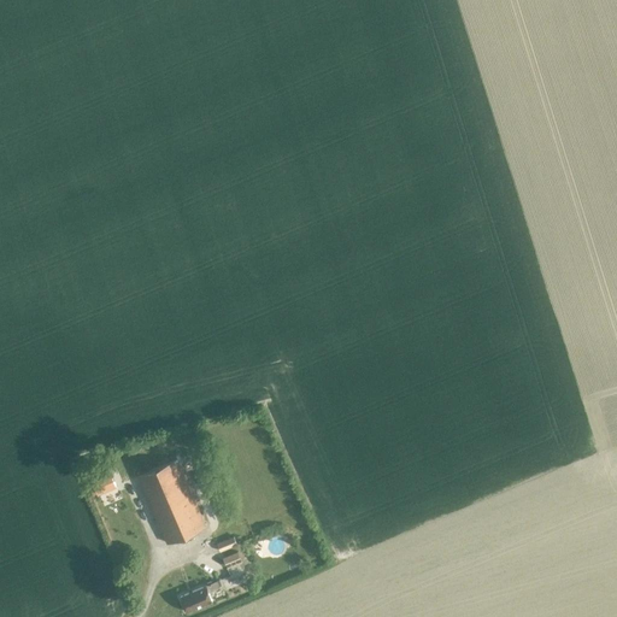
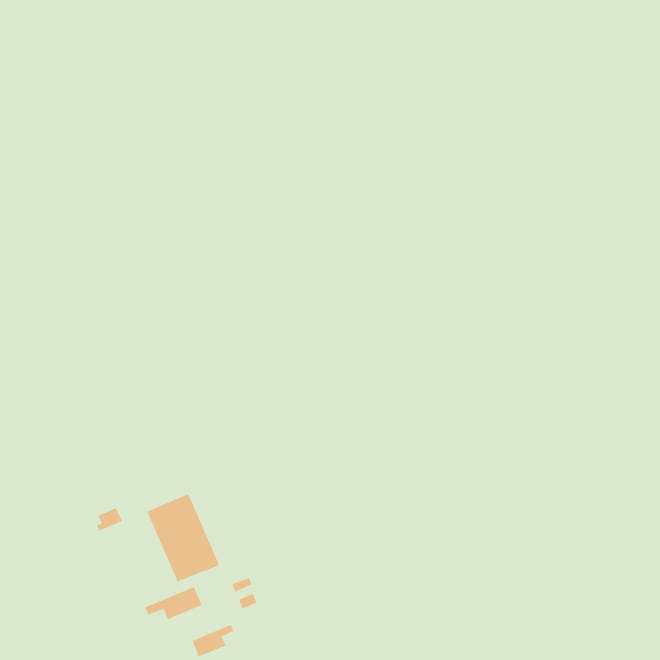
building: none -> [144,586,203,620]

